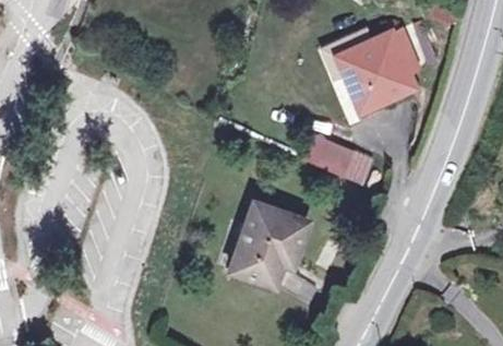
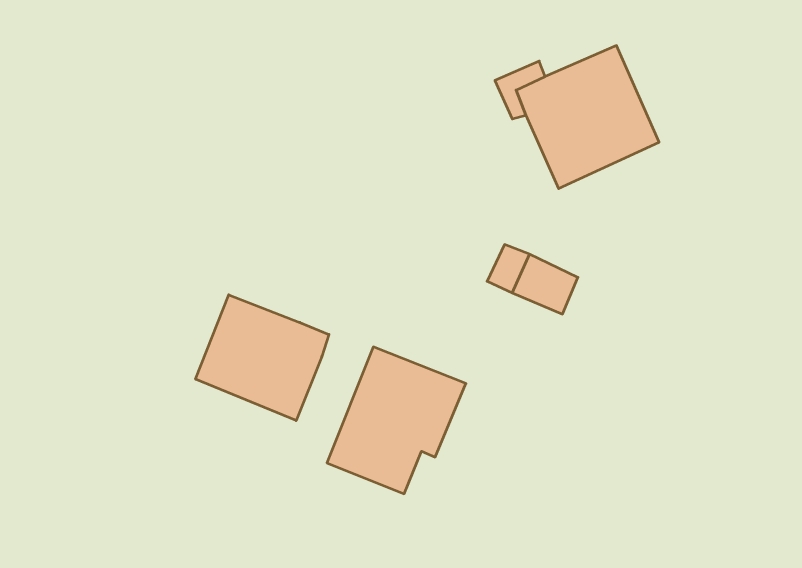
building: none -> [196,295,329,421]

